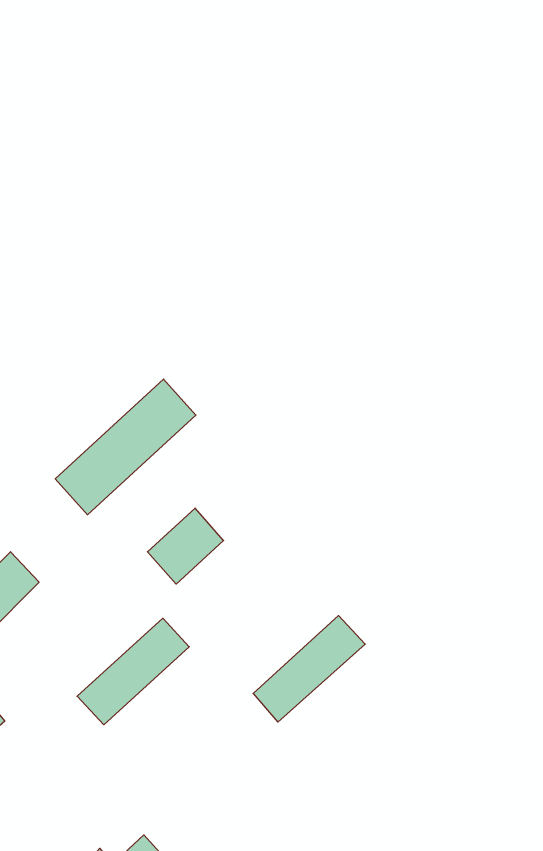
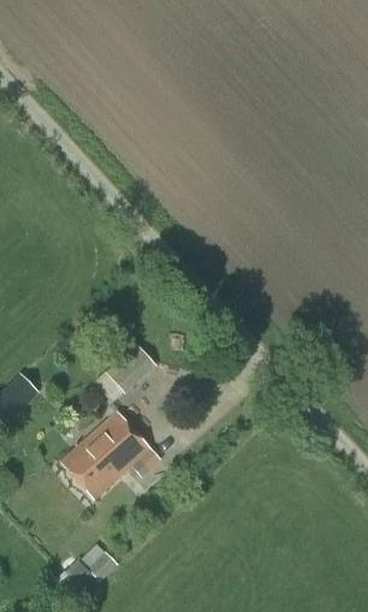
building: [55,379,196,515] -> none
building: [253,616,365,722] -> [79,432,150,499]

